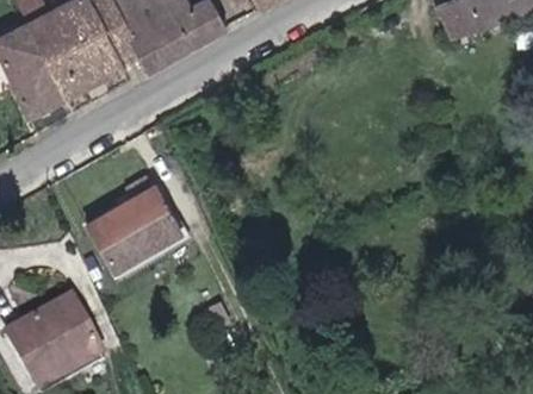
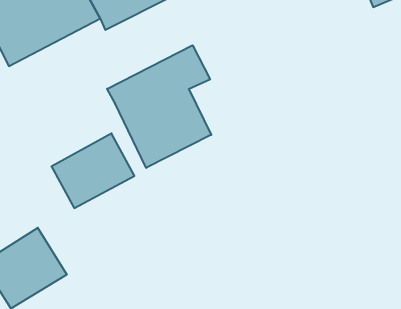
building: none -> [107,45,211,168]

